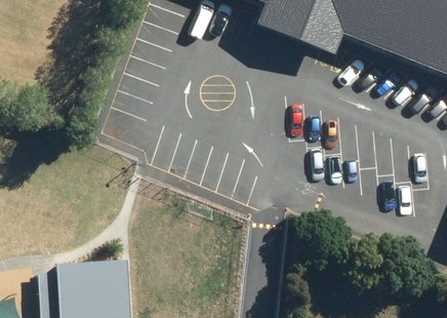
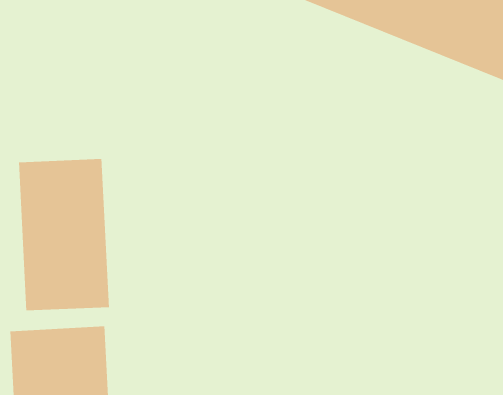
building: none -> [18,158,109,311]

